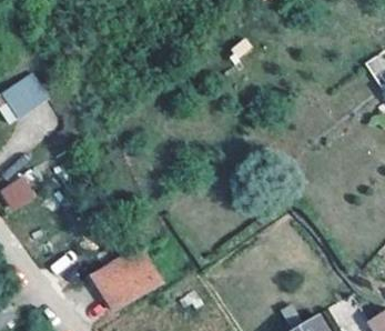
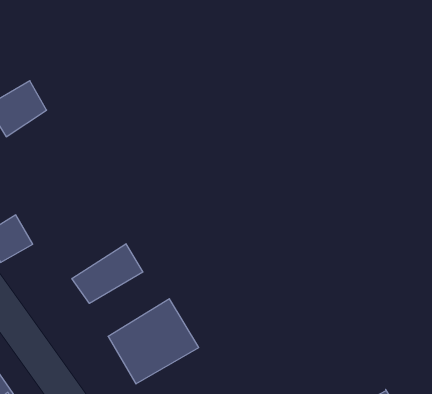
building: none -> [72,244,143,303]

